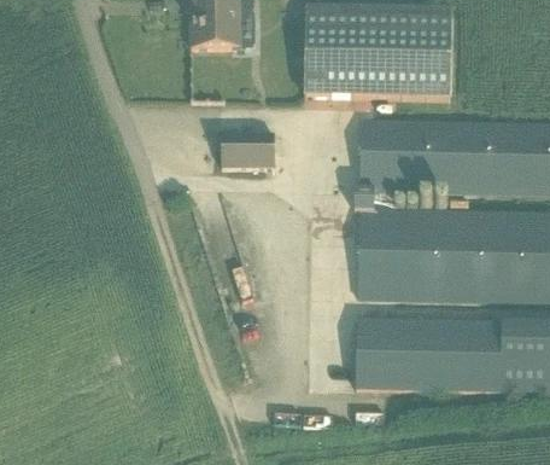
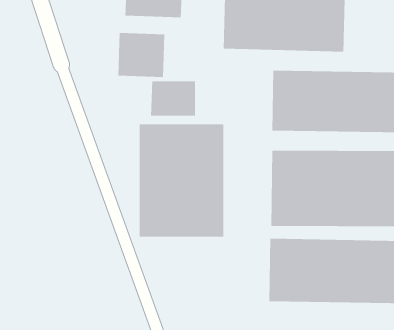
building: none -> [117,32,165,78]
building: none -> [139,123,224,238]

